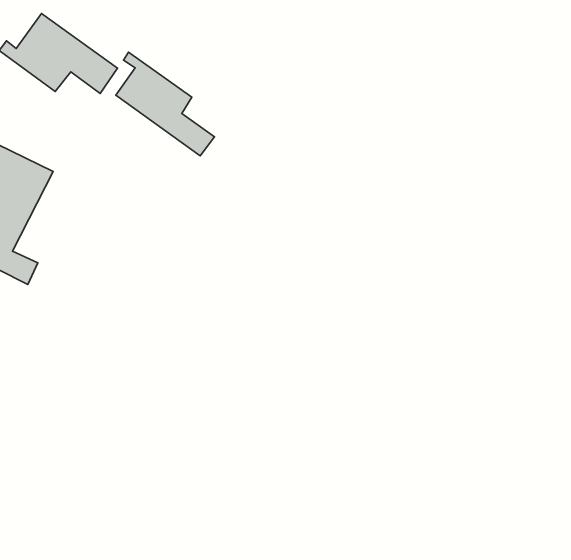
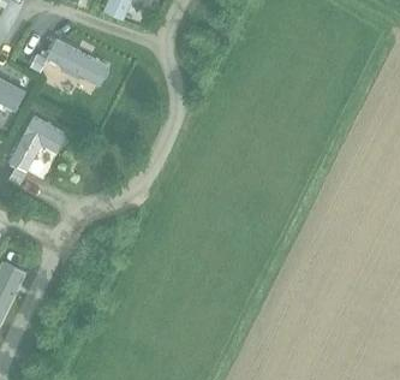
building: [116,52,215,156] -> none

